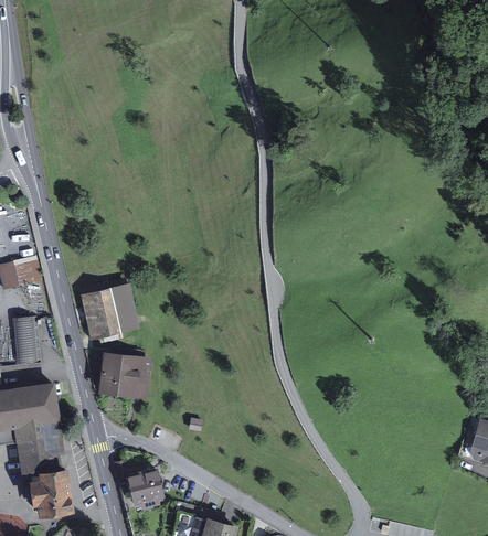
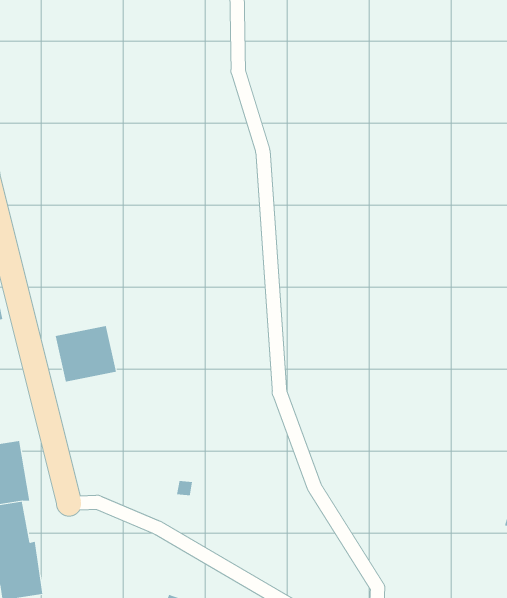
building: [98,352,150,398] -> none
building: [125,468,167,510] -> none

